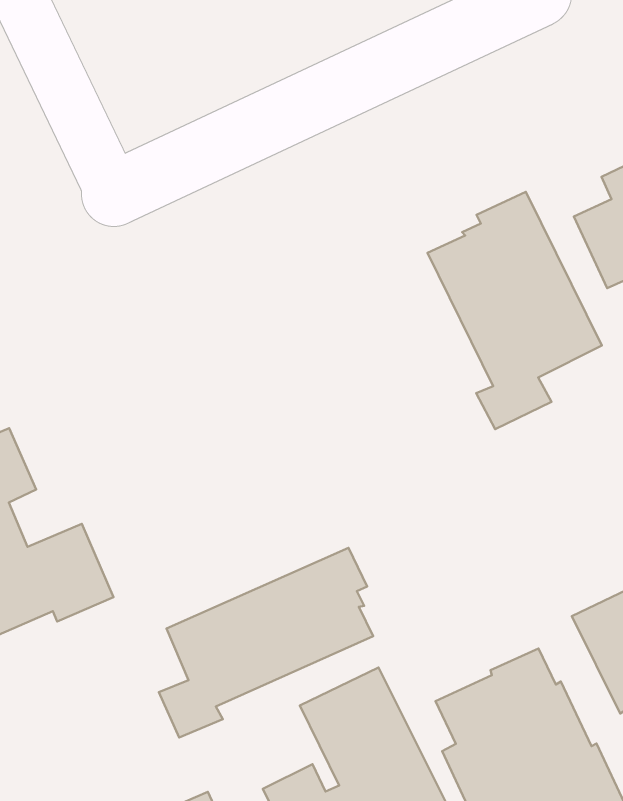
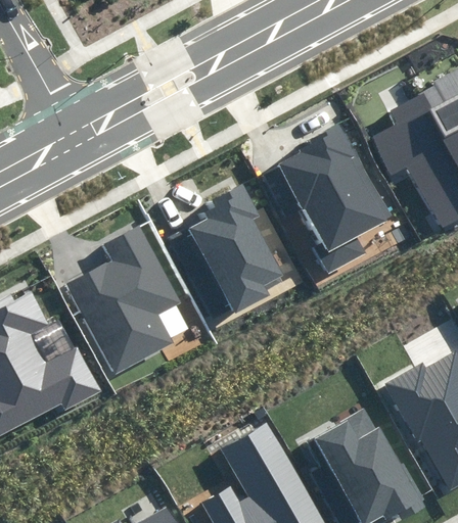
building: none -> [190,183,283,314]
building: none -> [66,226,180,374]
building: [159,548,373,737] -> none

